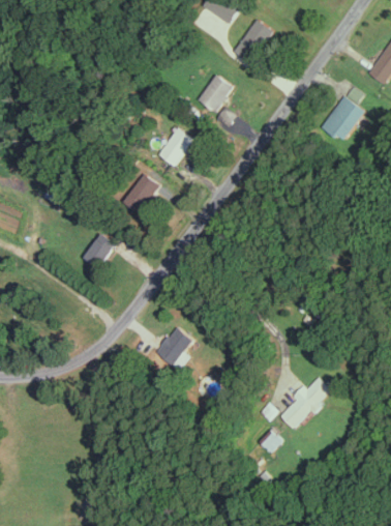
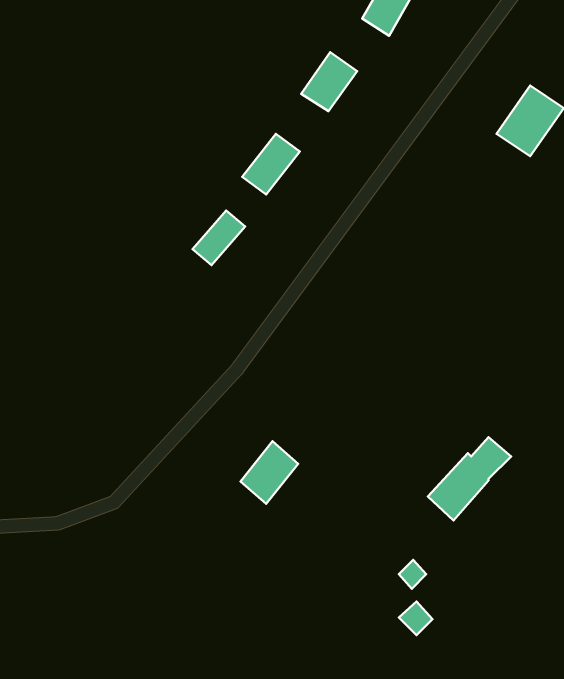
building: [83,232,116,268] -> none
building: [278,376,332,430] -> [428,437,511,521]

